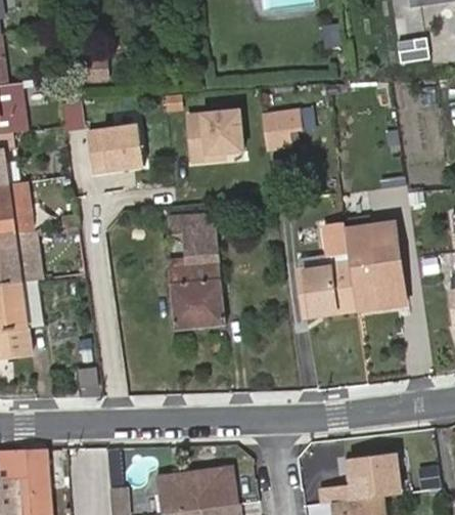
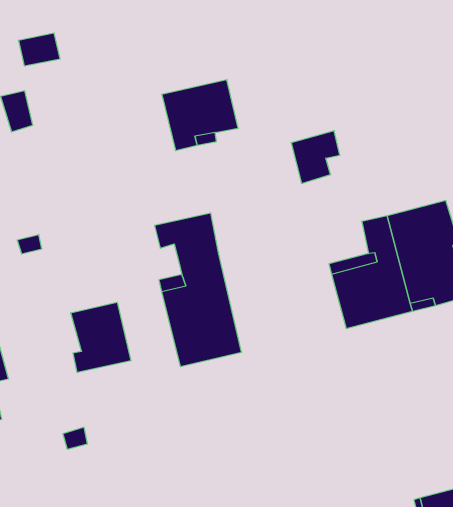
building: [266,111,303,148] -> [291,131,340,184]
building: [87,125,144,171] -> none
building: none -> [71,302,131,373]

